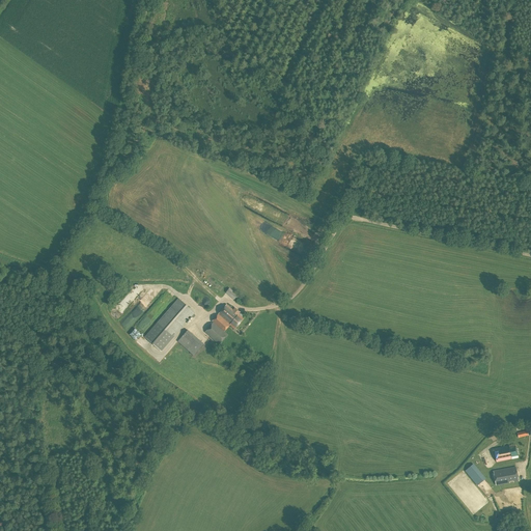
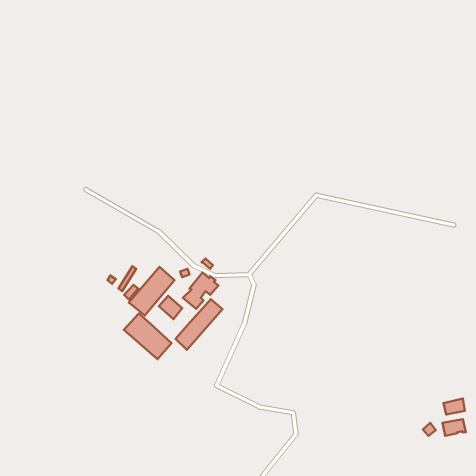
building: none -> [175,299,222,350]
building: none -> [124,313,172,359]

